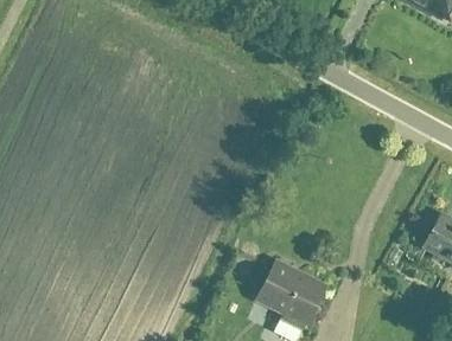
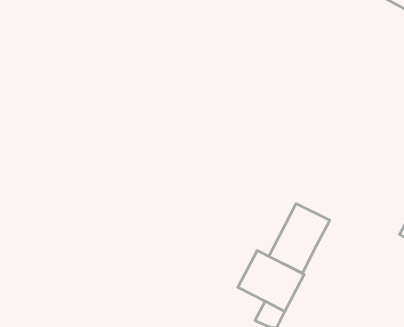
building: none -> [269,204,330,273]

